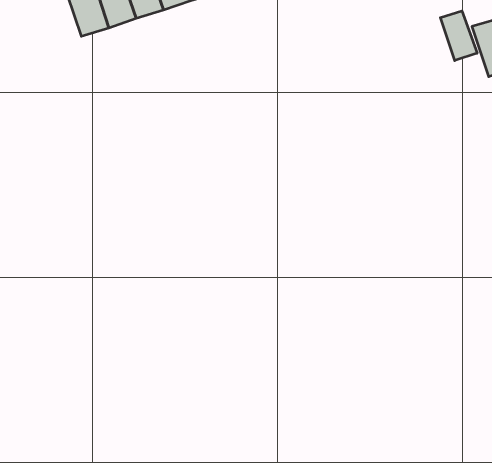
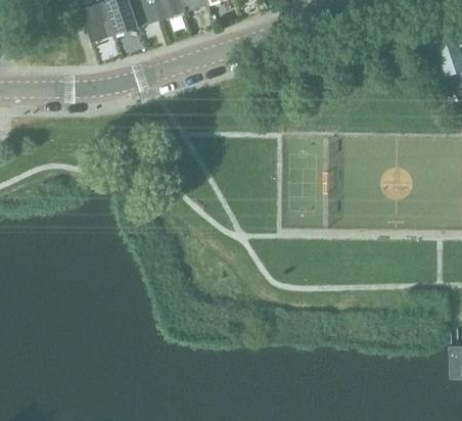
building: [440,11,477,61] -> none

